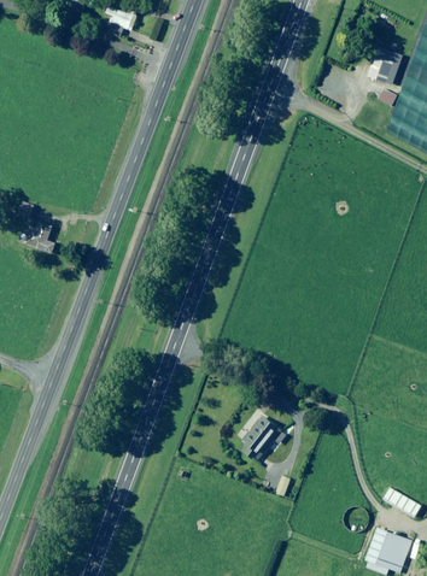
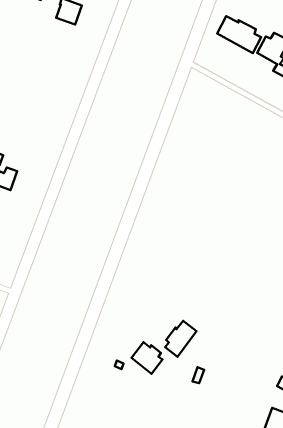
building: none -> [217,16,261,53]
building: none -> [131,342,162,374]

